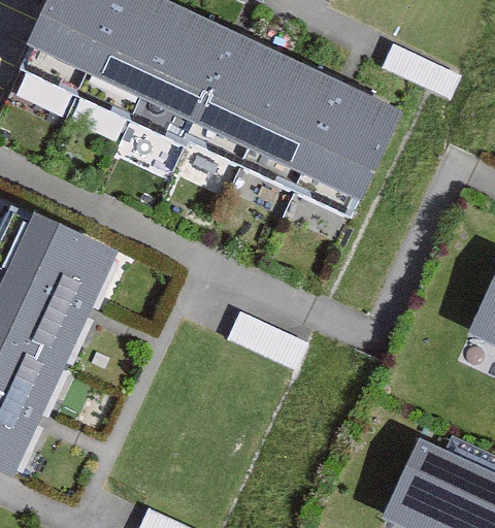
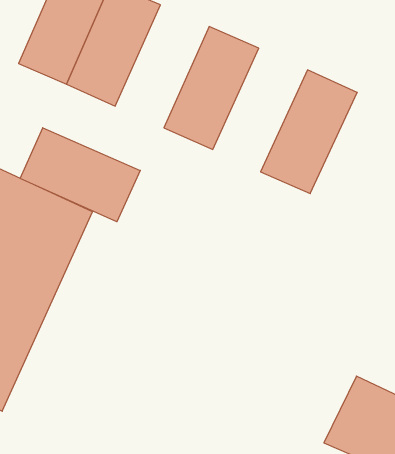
building: [144,13,252,154] -> none
building: [256,63,364,204] -> none
building: none -> [20,128,140,222]

